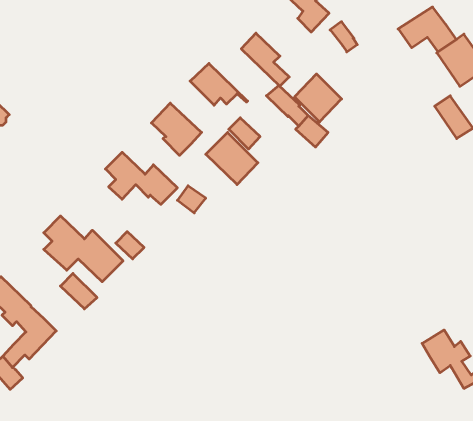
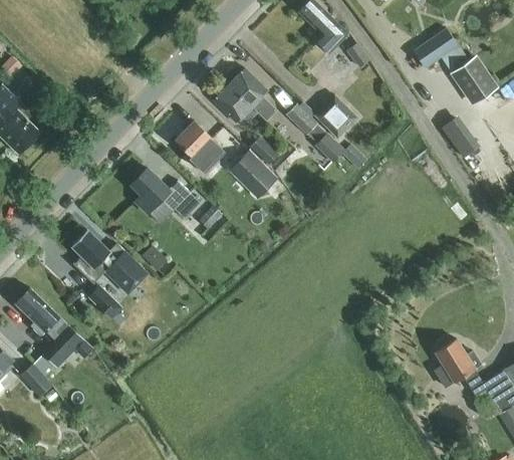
building: [241,33,289,86] -> [230,68,276,120]

